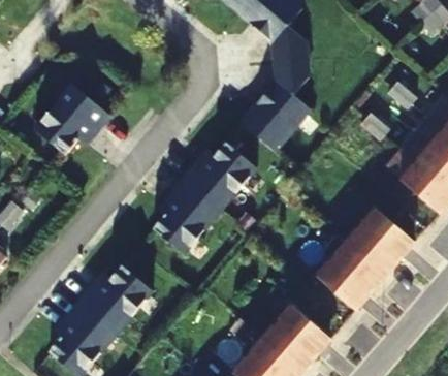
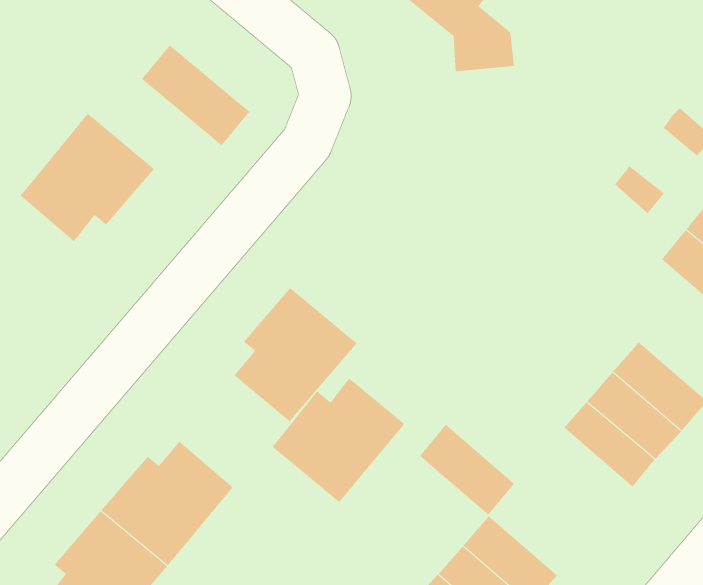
building: none -> [141,44,250,146]
building: [241,58,311,151] -> none
building: [184,142,257,211] -> [272,377,405,503]
building: [320,257,373,308] -> [419,424,515,516]

